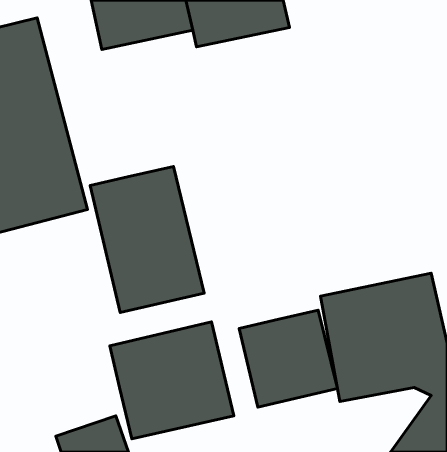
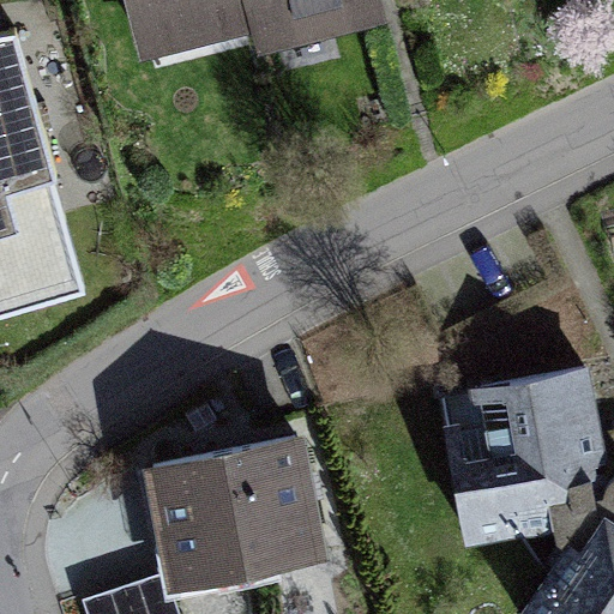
building: [90,166,204,313] -> none
building: [239,310,337,407] -> none

